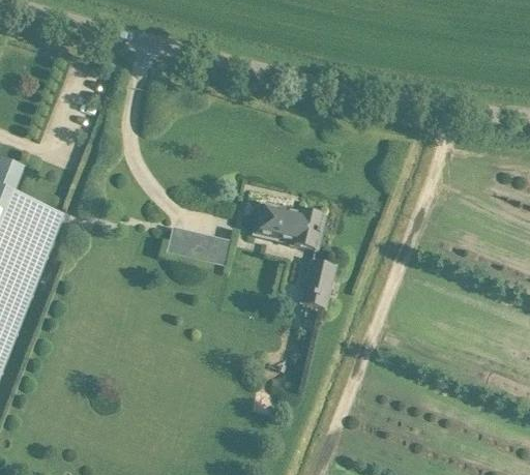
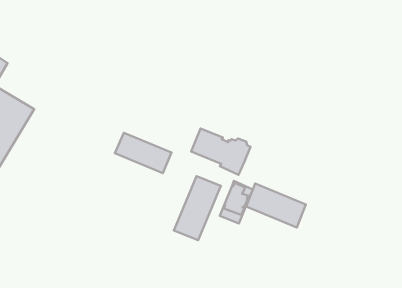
building: none -> [246,184,306,228]
building: none -> [174,176,221,240]

